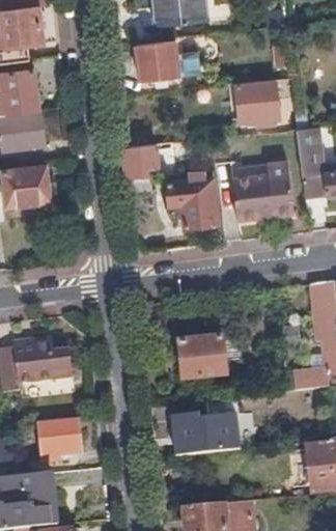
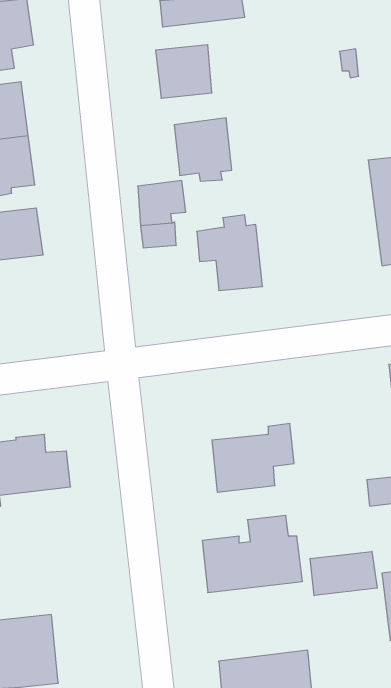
building: [234,79,278,127] -> [174,118,232,181]
building: [232,161,293,220] -> none
building: [37,417,80,456] -> none
building: none -> [310,551,377,596]

